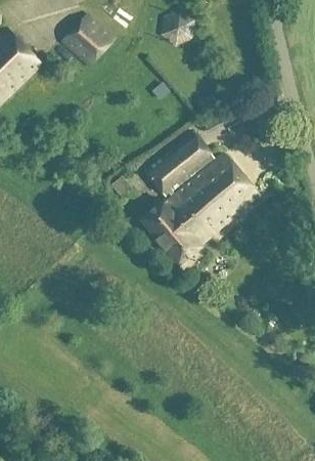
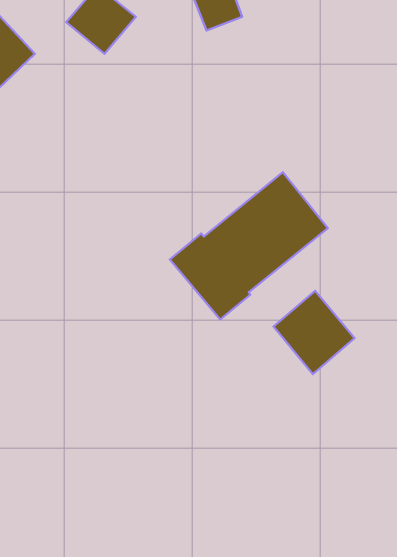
building: [144,129,215,196] -> none
building: none -> [274,291,355,374]

